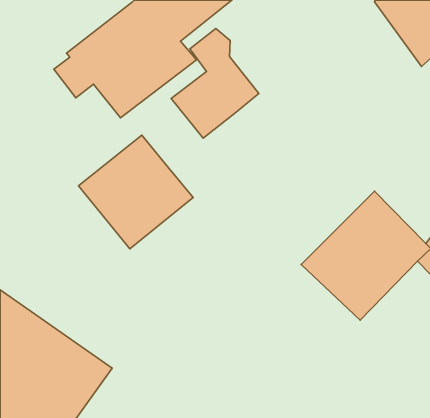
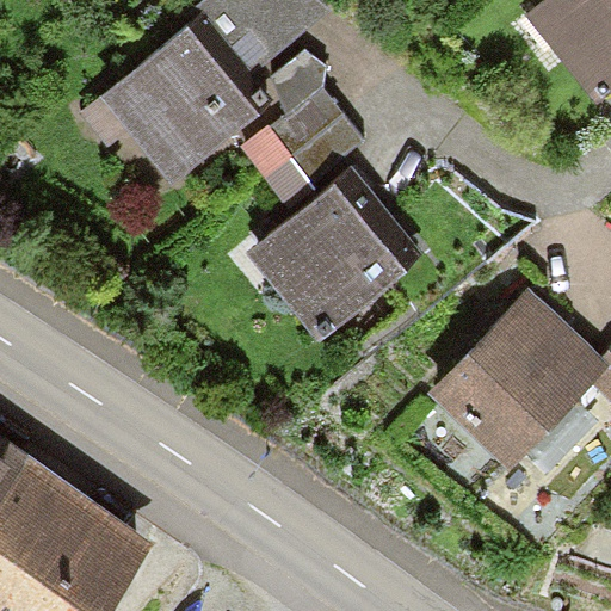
building: [79,135,193,249] -> [246,177,408,338]

